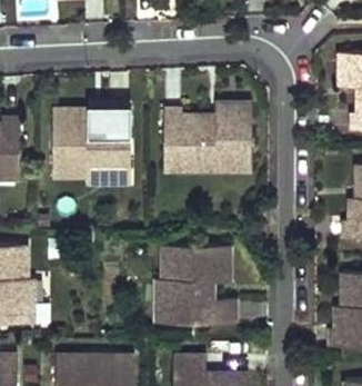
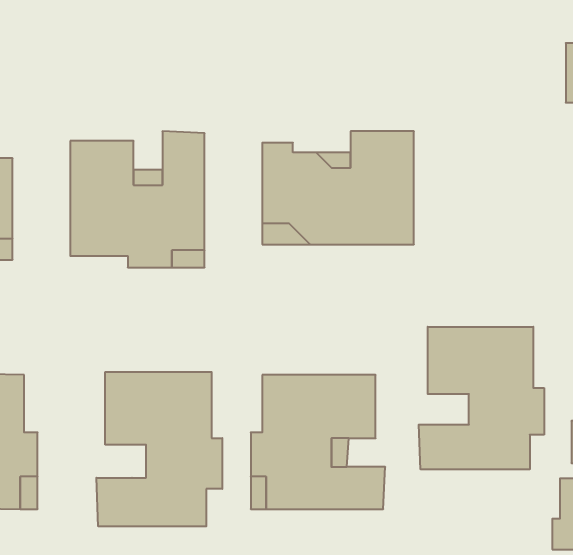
building: none -> [419,327,544,469]
building: none -> [96,372,222,526]

